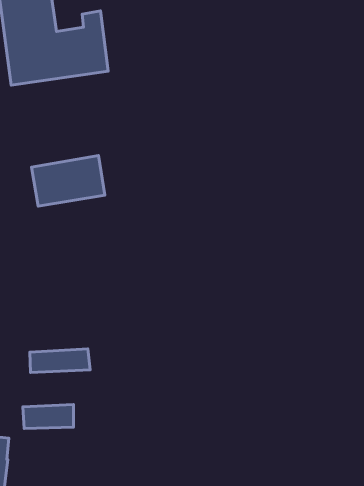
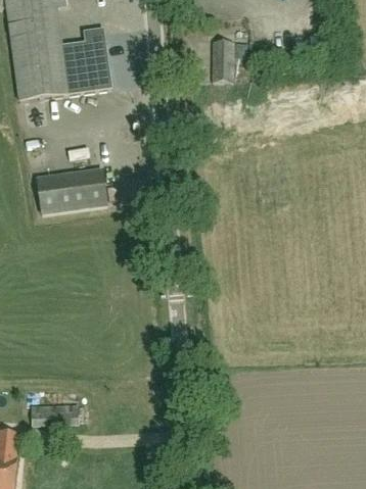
building: none -> [211,41,234,83]
building: [30,349,90,372] -> none

